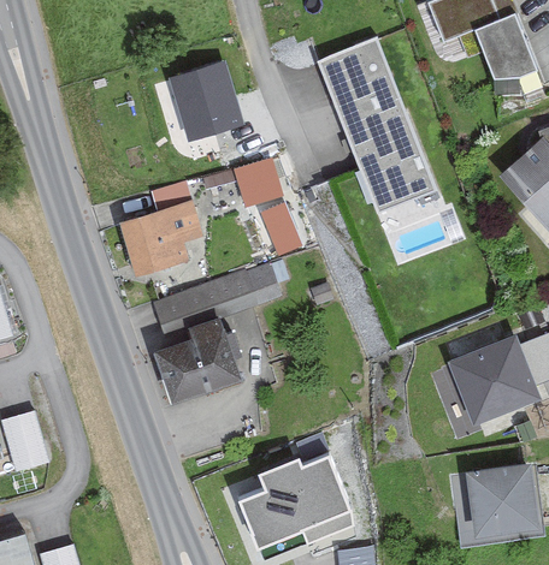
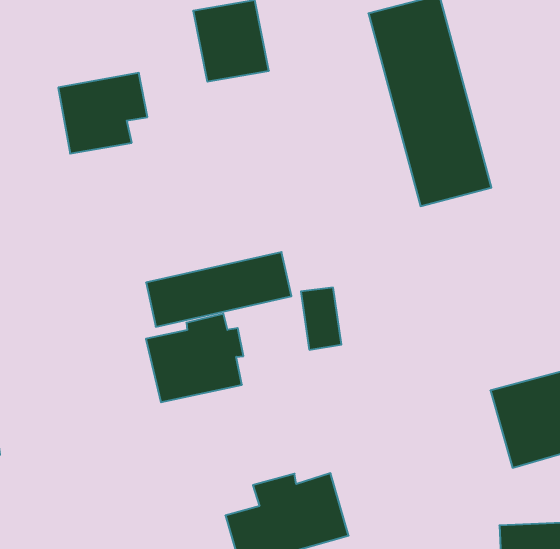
building: [232,155,284,206] -> none
building: [262,201,301,255] -> [301,288,341,350]
building: [123,204,200,278] -> [58,73,147,154]

